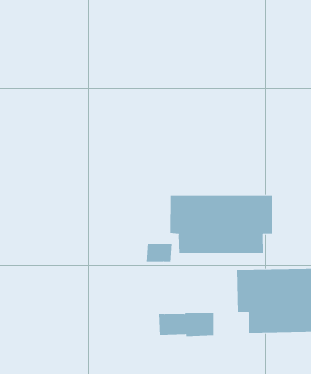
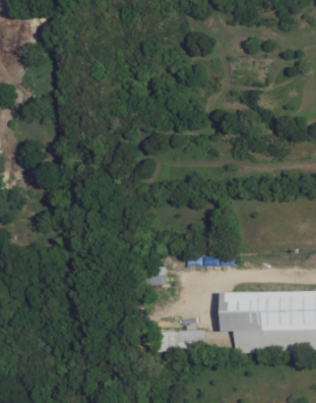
building: [170,195,273,254] -> none

